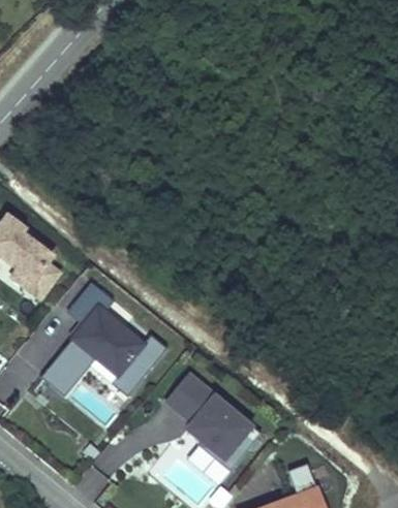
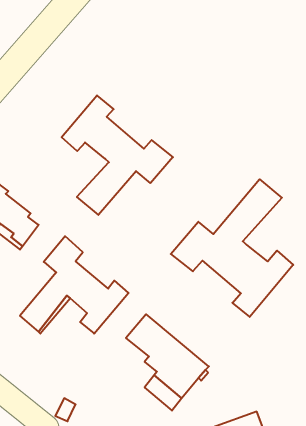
building: none -> [62,95,173,215]
building: none -> [171,179,293,317]

